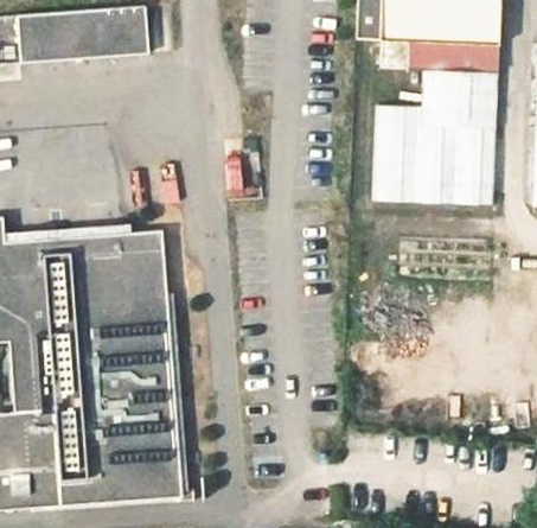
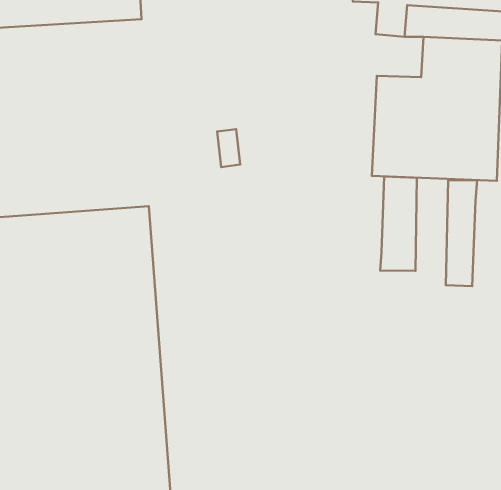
building: none -> [380,176,417,271]
building: none -> [446,180,477,286]

